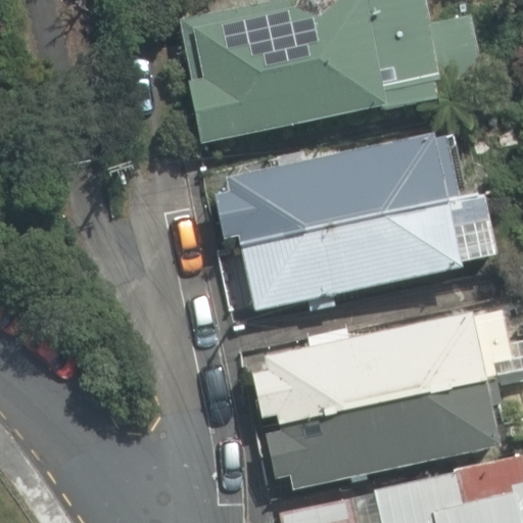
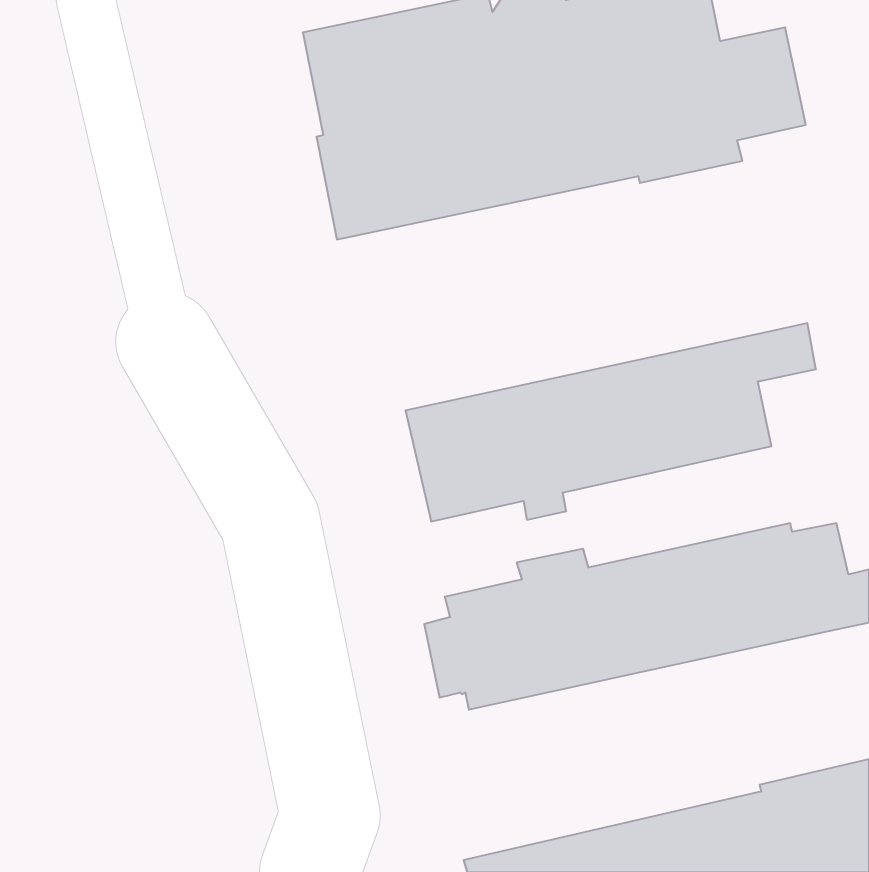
building: [216,134,459,245] -> none
building: [267,377,502,487] -> none

